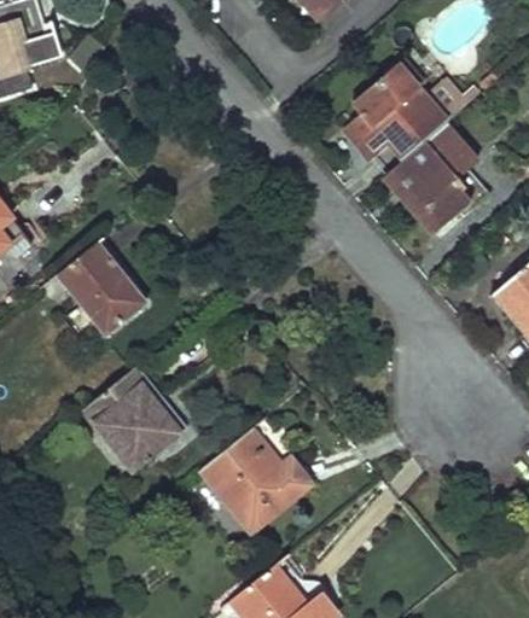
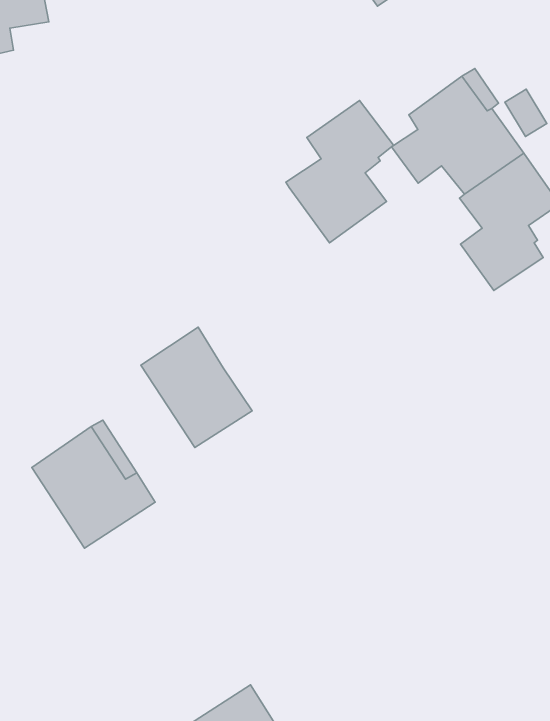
building: none -> [286,100,393,243]
building: [56,244,147,339] -> [141,327,252,447]
building: [200,425,306,531] -> none

